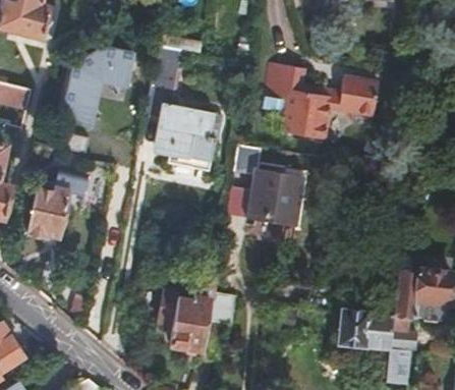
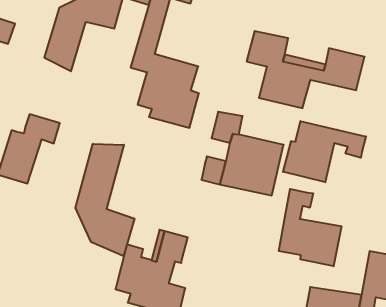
building: none -> [283,121,366,182]
building: none -> [75,144,135,256]
building: none -> [279,189,341,266]

